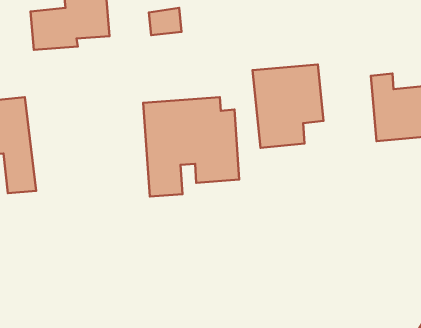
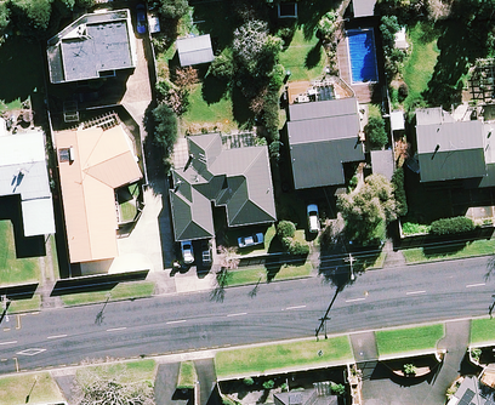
building: none -> [56,126,133,278]

